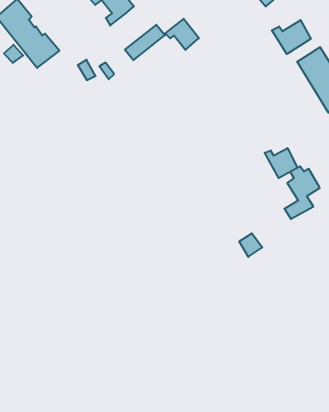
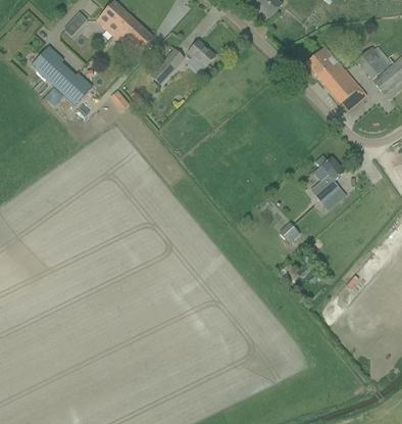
building: [272,20,311,54] -> none
building: [265,148,297,178] -> none

